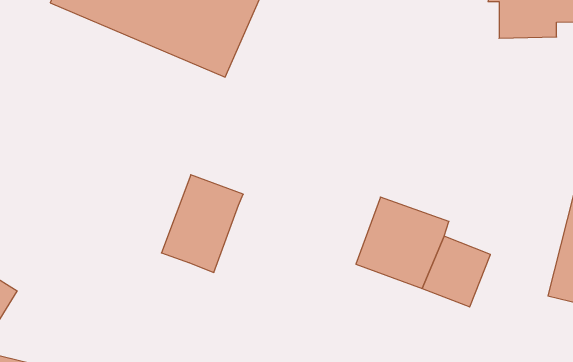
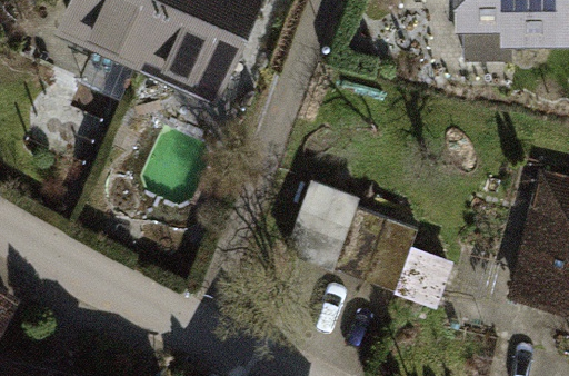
building: [161,175,243,272] -> [286,184,360,273]

